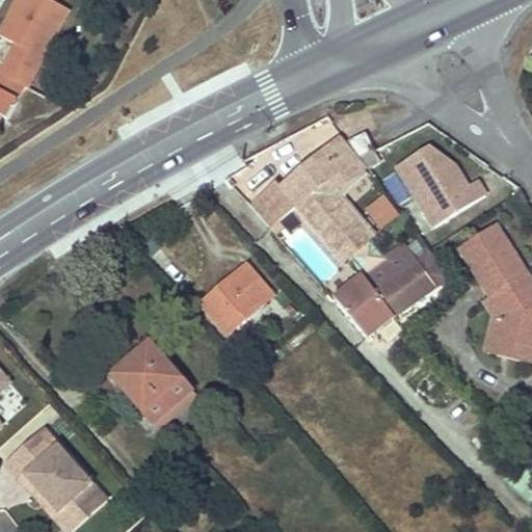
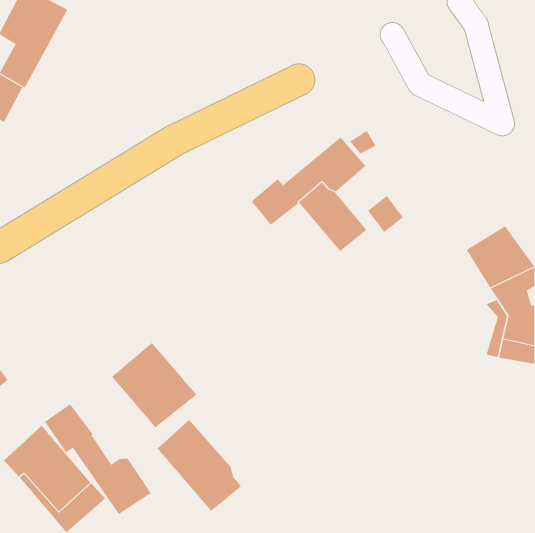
building: [393,144,488,228] -> none
building: [335,244,450,335] -> none
building: [202,264,272,331] -> none
building: none -> [44,404,152,515]
building: none -> [157,419,242,512]

